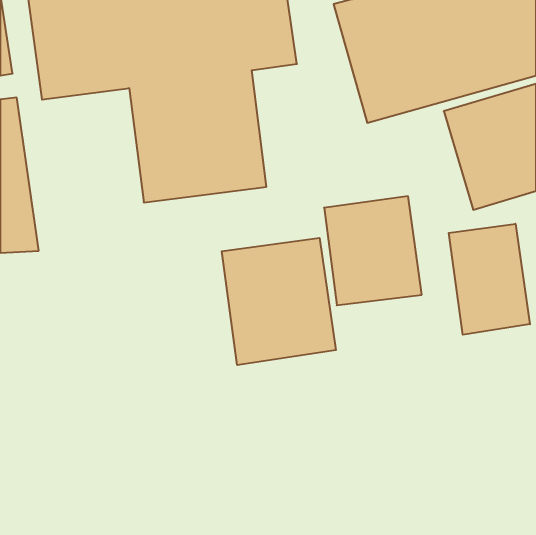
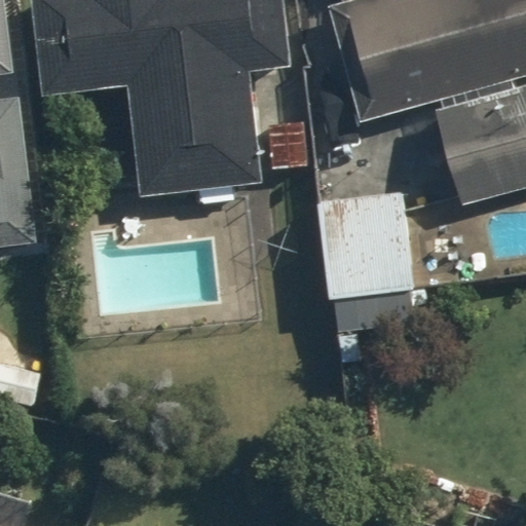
building: [449,224,530,335] -> none
building: [222,238,336,365] -> none

